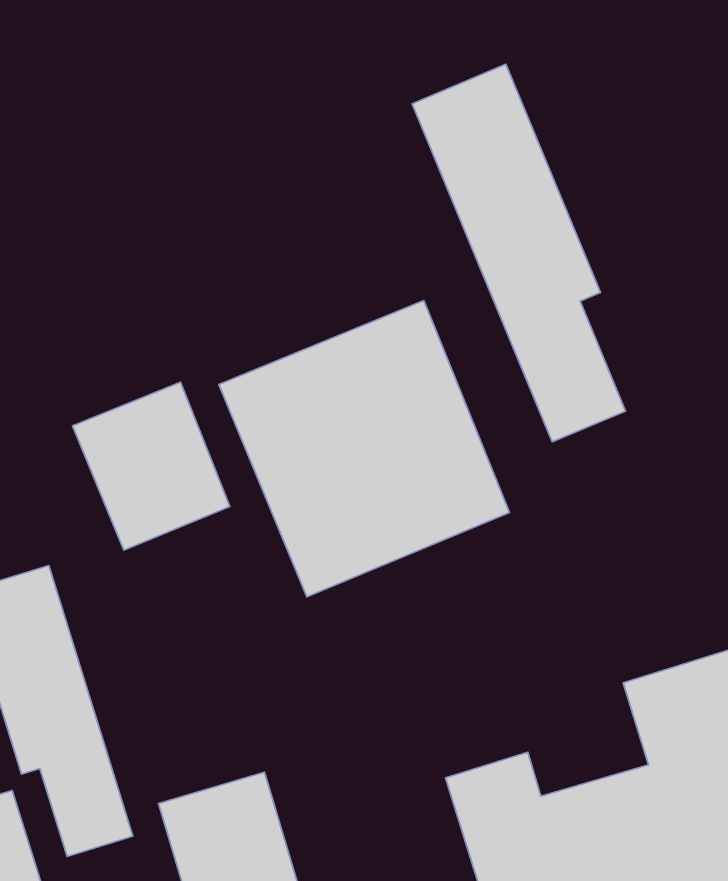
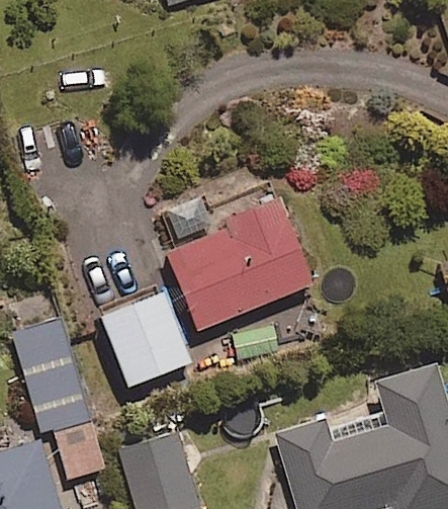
building: [412,64,625,442] -> none
building: [73,382,230,550] -> [100,294,187,388]

